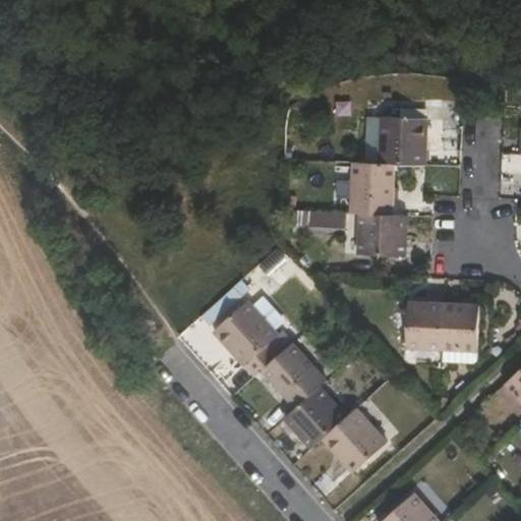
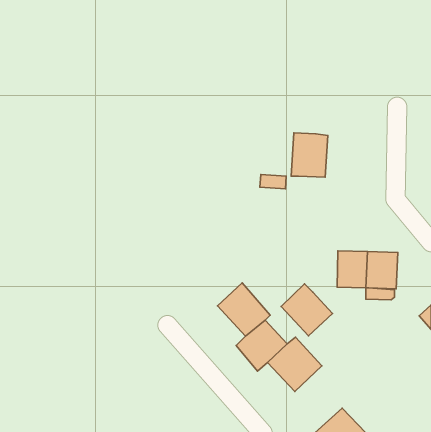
building: [380,116,426,165] -> none
building: [356,213,407,255] -> none
building: [213,300,291,375] -> none
building: none -> [281,284,333,336]

